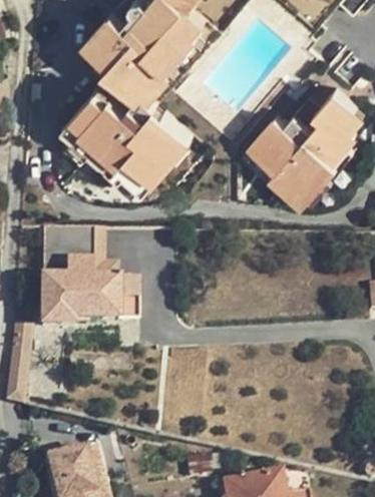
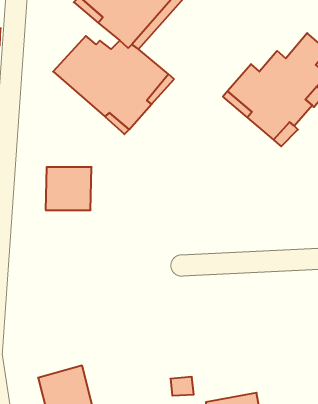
building: [42,277,138,326] -> none
building: [10,320,33,400] -> none

